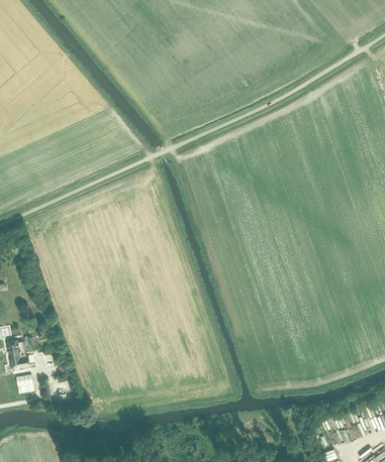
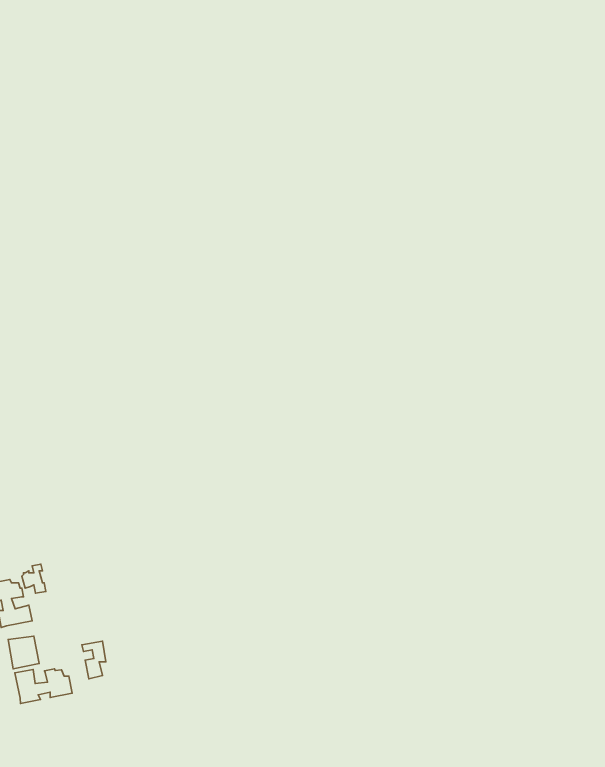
building: none -> [15,669,72,704]

